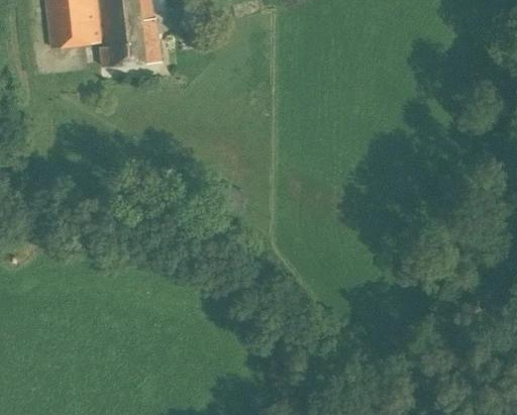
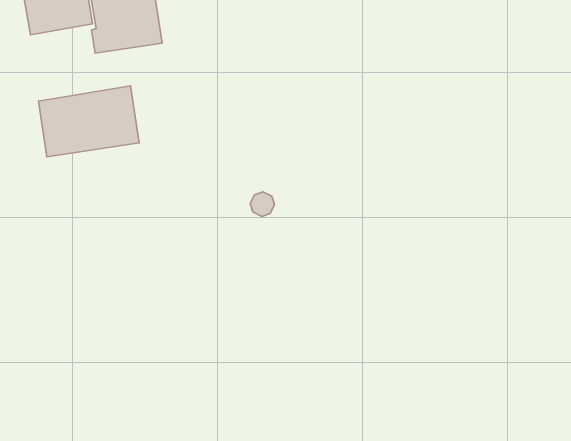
building: none -> [39,86,139,157]

